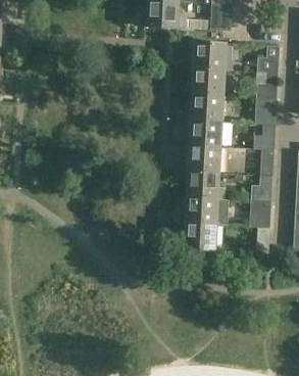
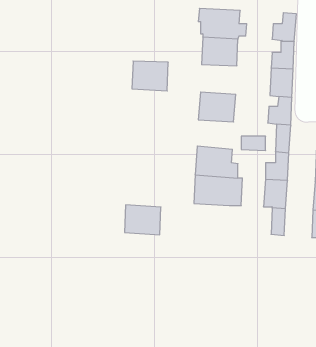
building: [190,93,223,121] -> [132,61,168,91]
building: [187,144,220,172] -> none
building: [183,222,216,249] -> [125,205,161,235]

